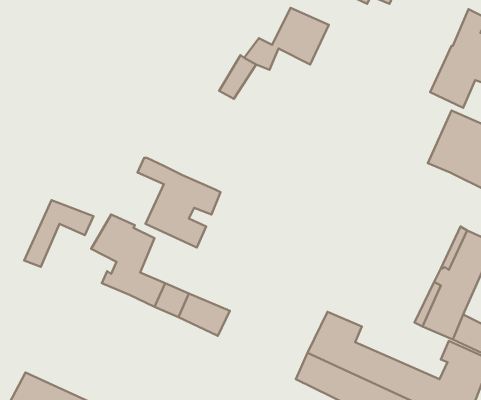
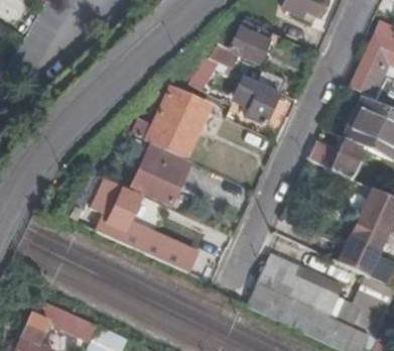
building: none -> [236,75,280,124]
building: none -> [134,87,211,158]
building: none -> [309,137,366,178]
building: [24,200,94,267] -> none

